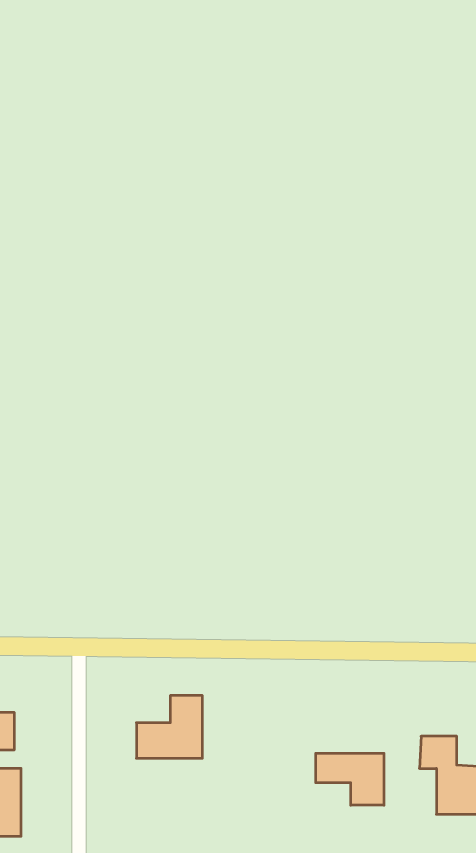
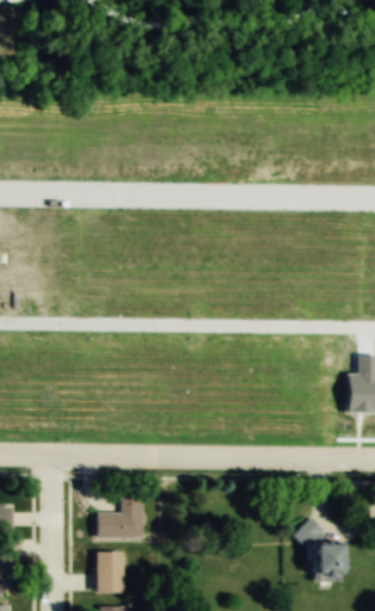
building: [316,753,384,805] -> none
building: none -> [94,551,124,593]

